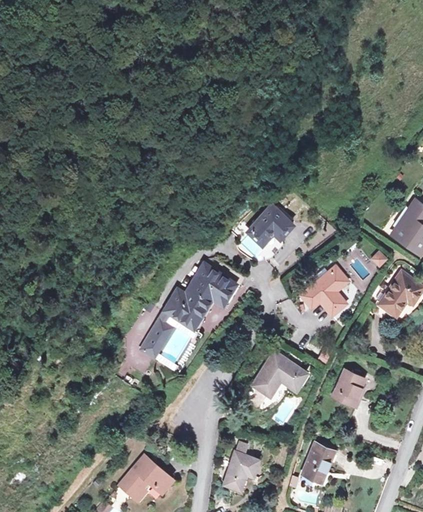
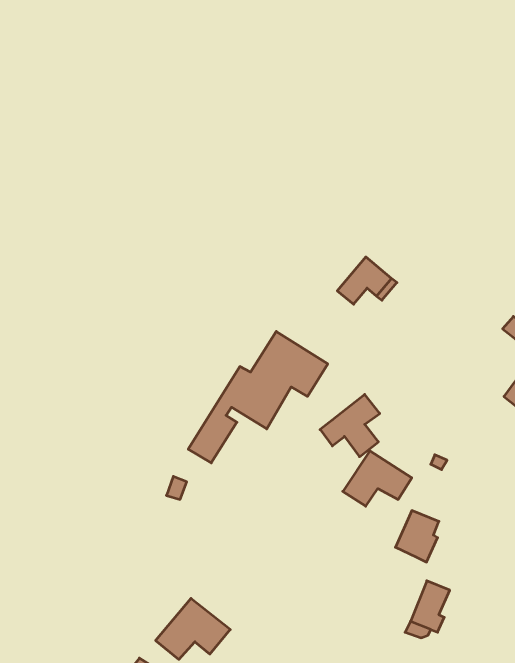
building: [304,268,348,314] -> [320,394,380,457]
building: [330,369,362,407] -> [395,511,439,562]
building: [217,457,251,495] -> none

